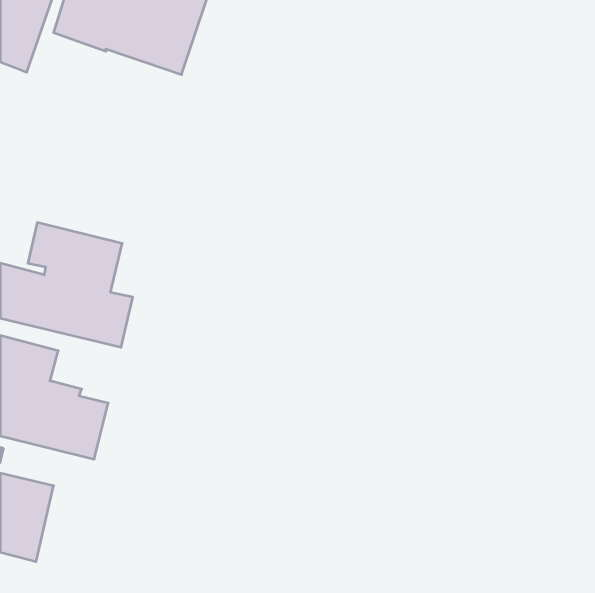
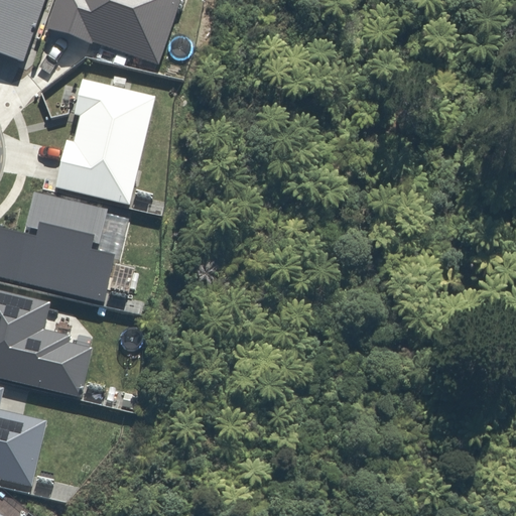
building: none -> [54,80,155,206]

